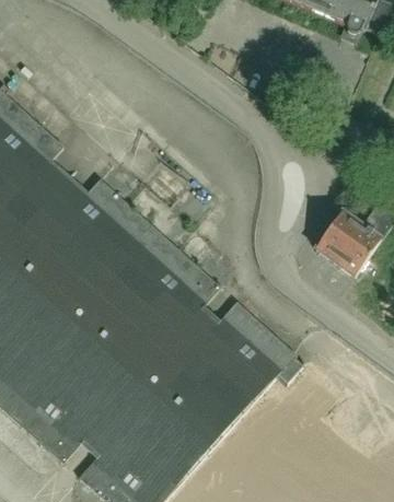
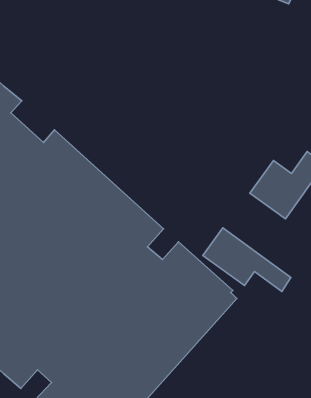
building: none -> [203,228,291,291]

